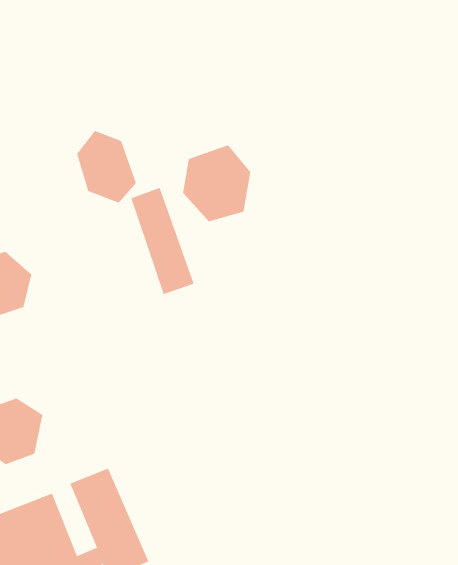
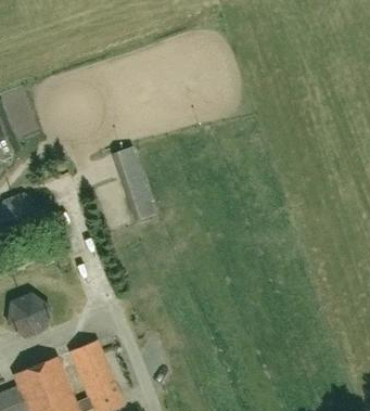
building: [76,130,136,203] -> none
building: [183,144,251,222] -> none

